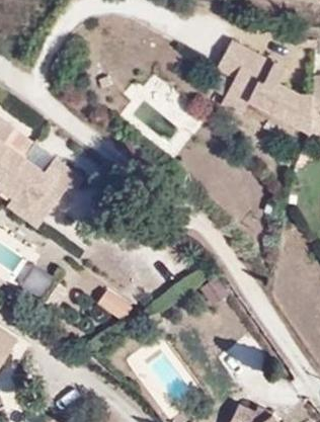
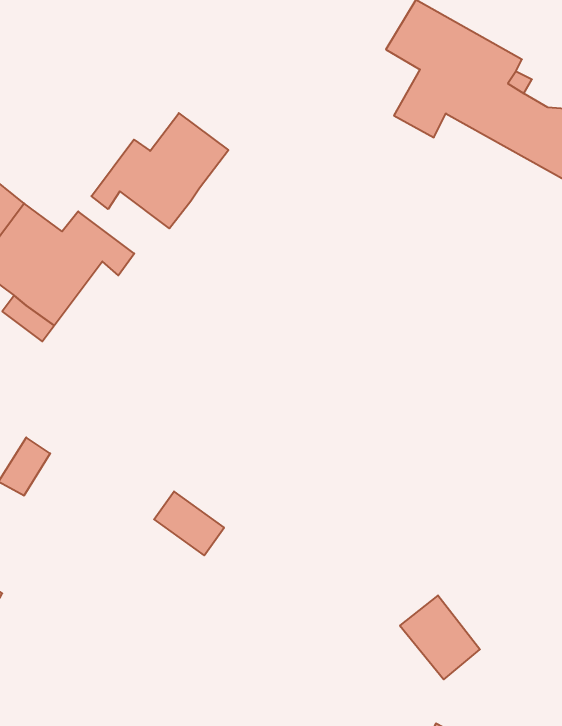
building: none -> [91,113,228,228]

